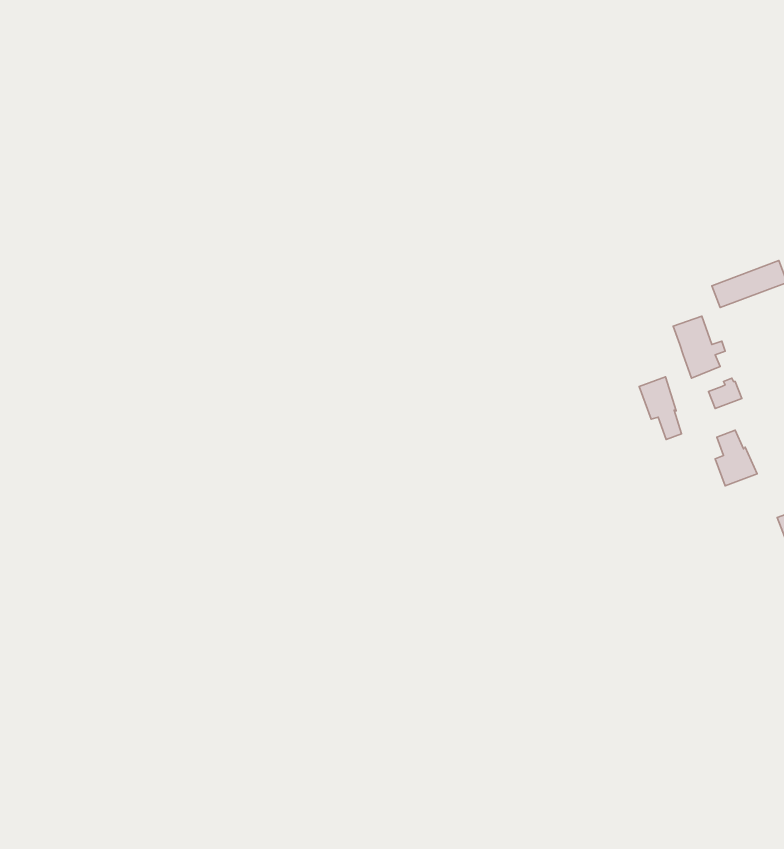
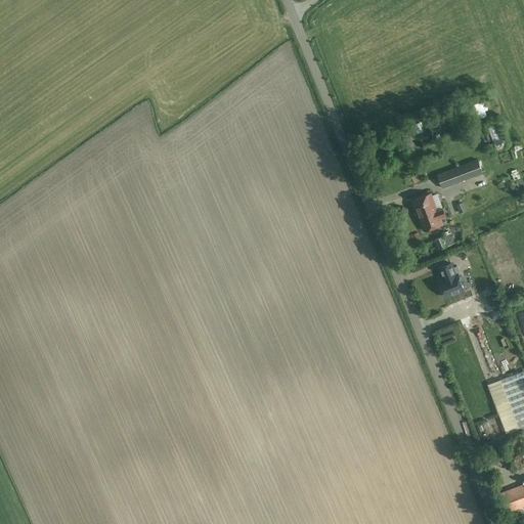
building: [639,377,681,440] -> none

